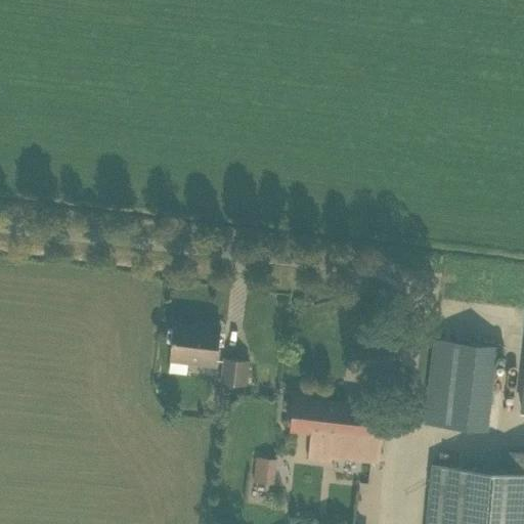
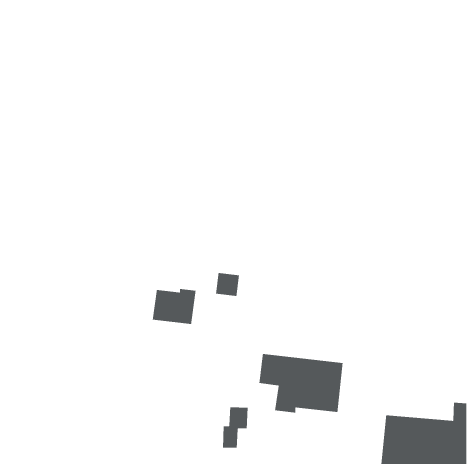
building: [425,343,492,432] -> none
building: [221,360,249,388] -> [215,272,240,297]

